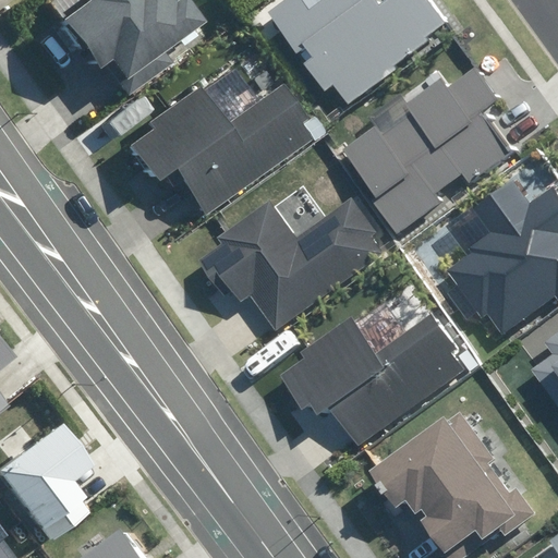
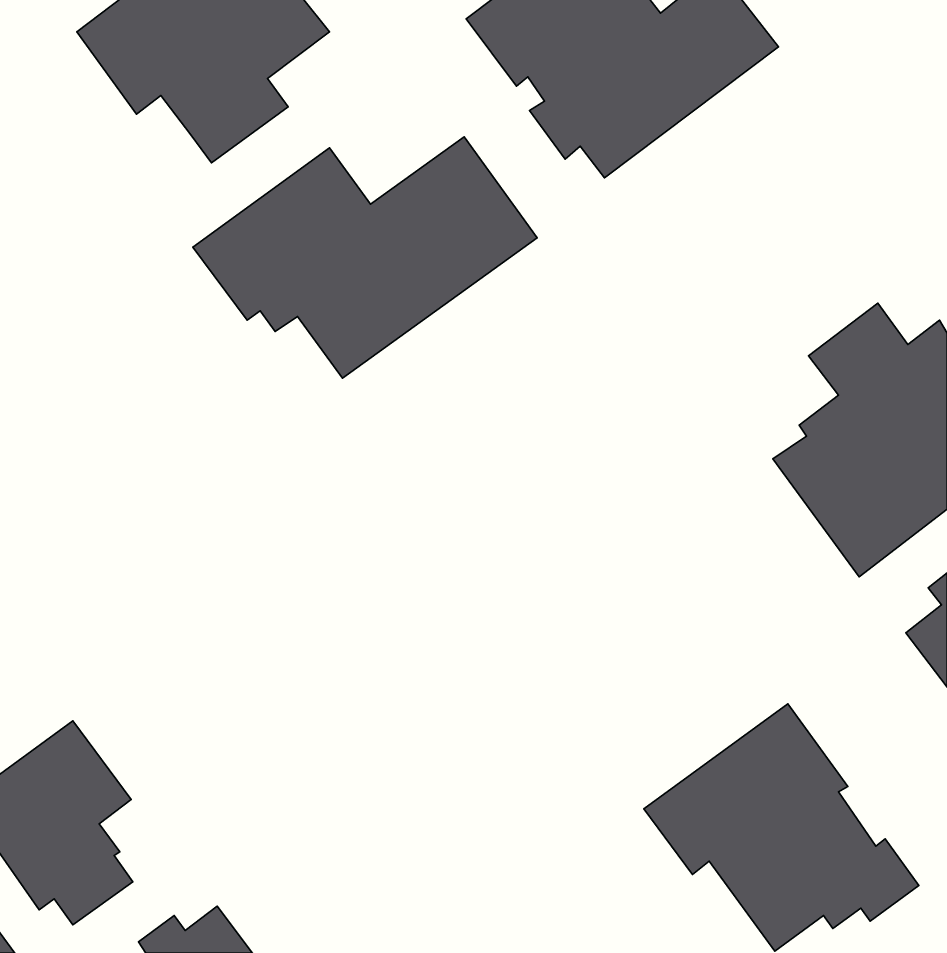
building: [343,66,505,235] -> none
building: [203,194,393,329] -> none
building: [280,315,465,445] -> none

